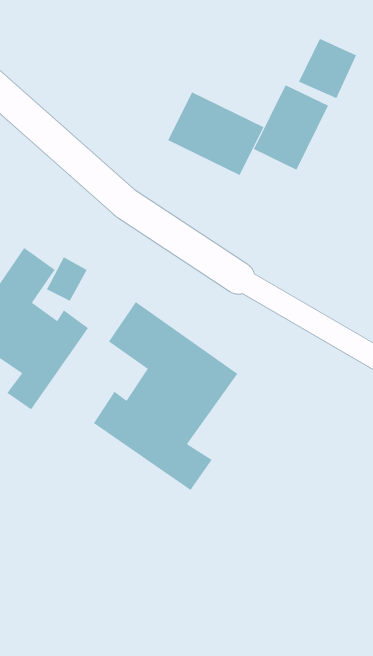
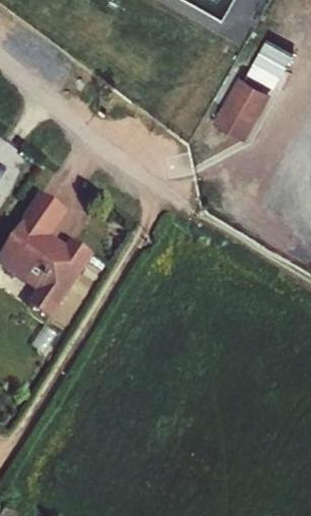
building: [167,91,264,176] -> none
building: [93,301,238,491] -> none

